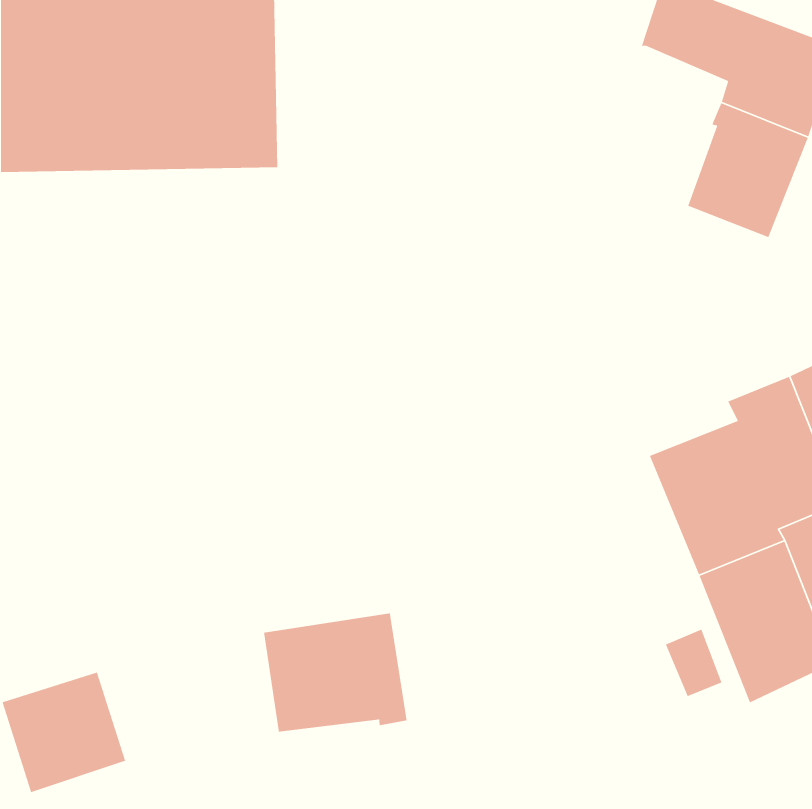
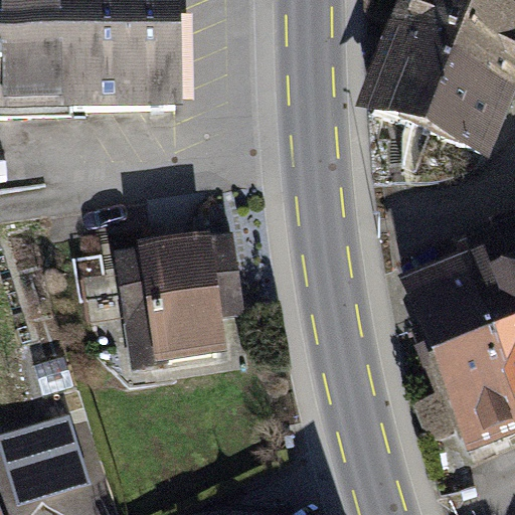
building: none -> [378,29,461,130]
building: none -> [126,242,240,361]
building: [263,613,407,732] -> none

